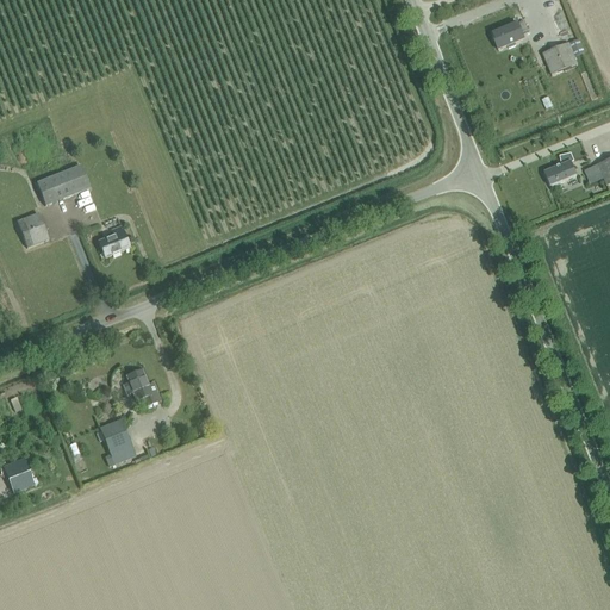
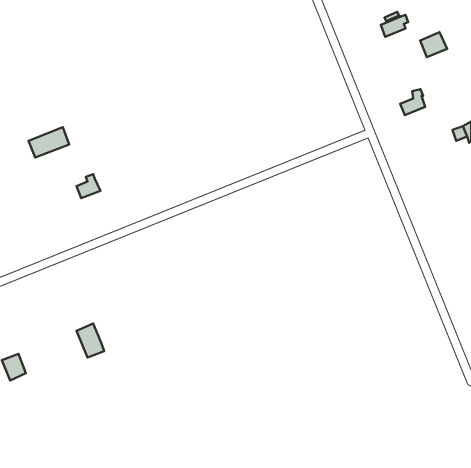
building: [544,151,577,185] -> [400,89,425,115]
building: [17,212,49,247] -> none
building: [123,368,160,405] -> none

